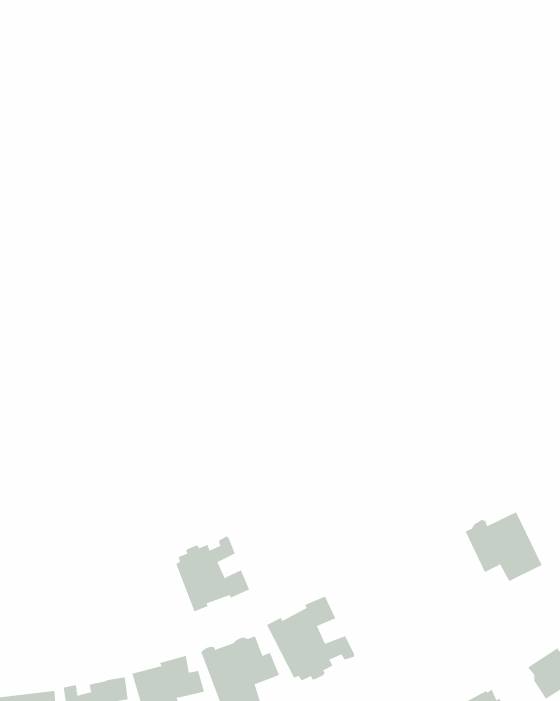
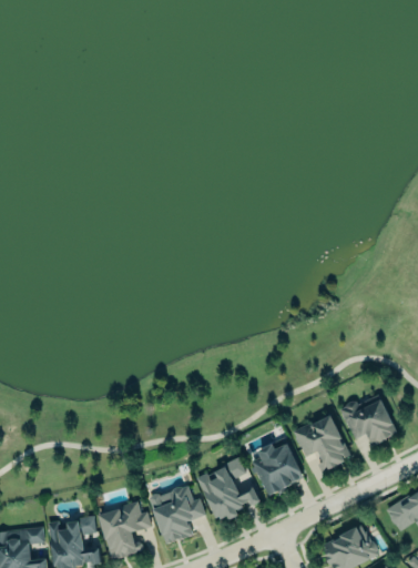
building: [175,535,250,612] -> none
building: none -> [293,414,350,473]
building: none -> [252,446,303,498]

